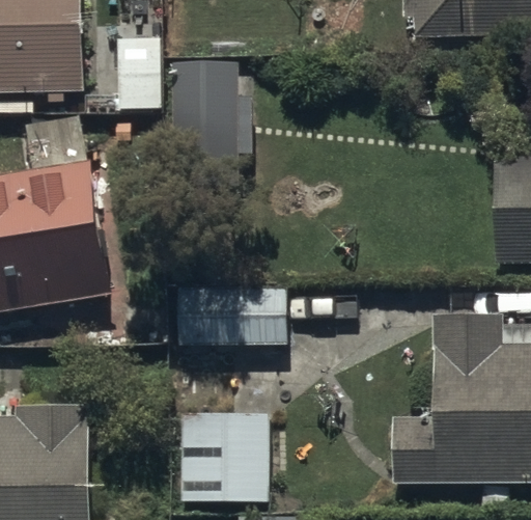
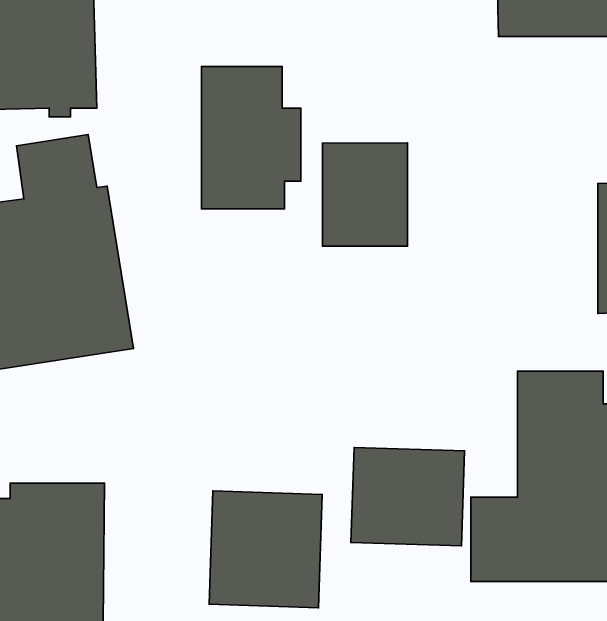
building: none -> [322,143,408,246]
building: [174,288,287,345] -> none
building: none -> [351,447,465,546]

